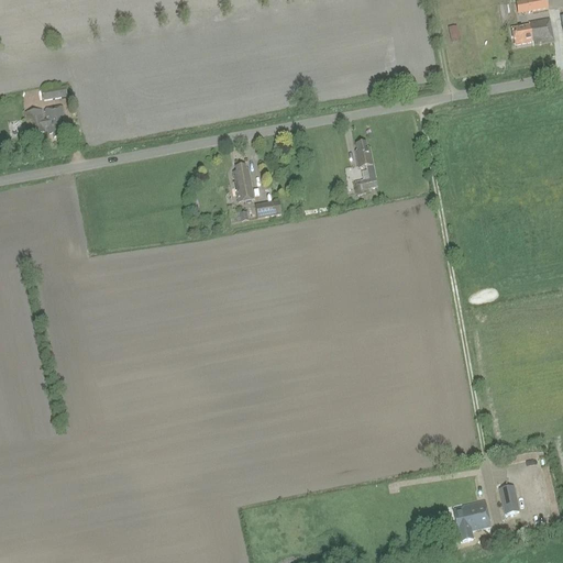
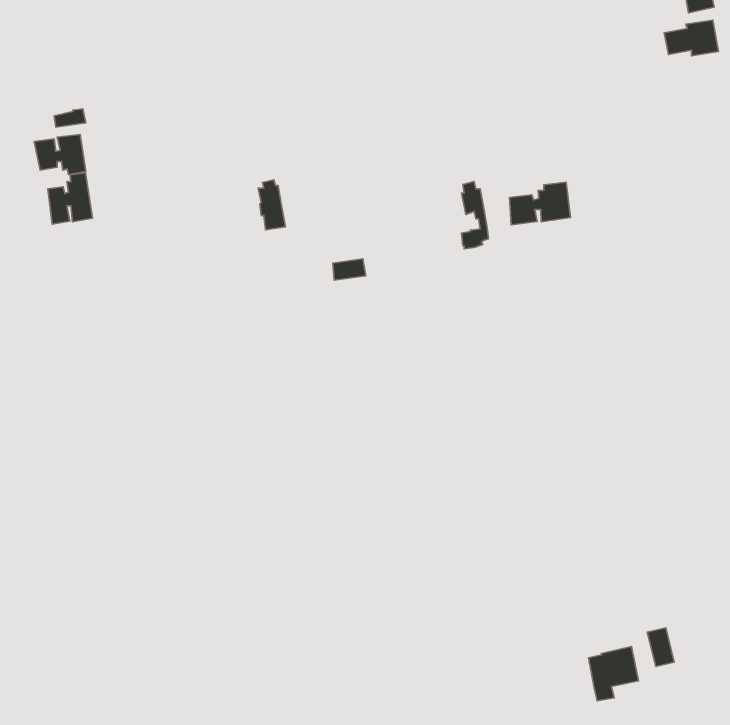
building: none -> [48,173,92,224]
building: none -> [510,182,570,225]
building: [232,162,253,200] -> [258,180,285,230]

